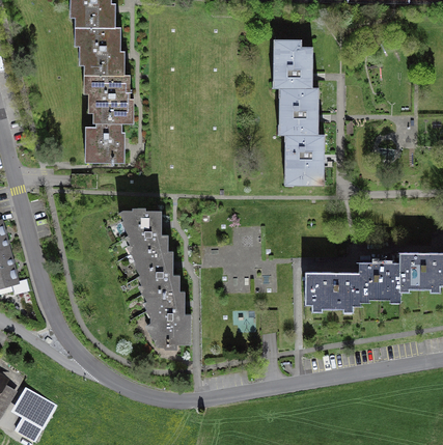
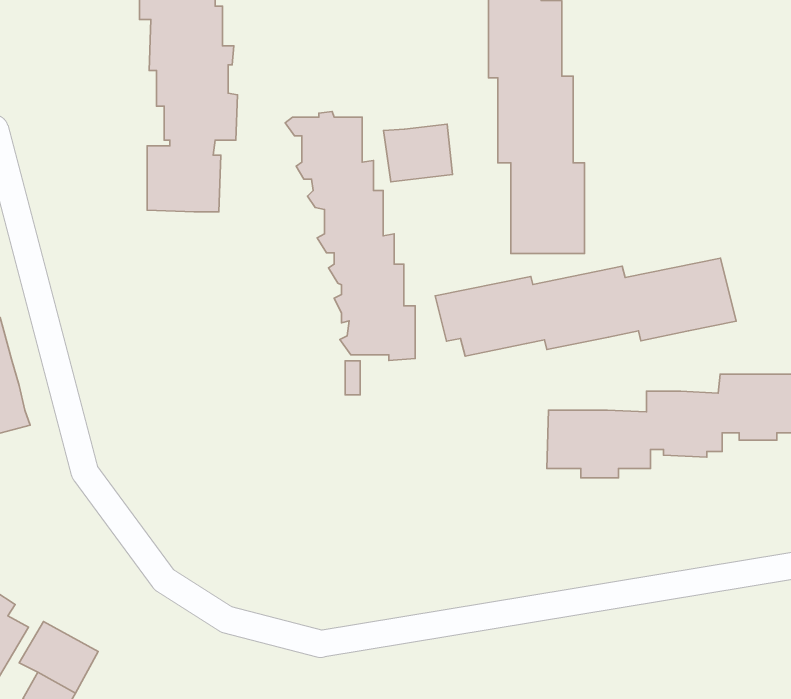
building: none -> [384,124,453,182]
building: none -> [435,258,736,356]
building: [119,206,191,343] -> [285,111,415,360]

